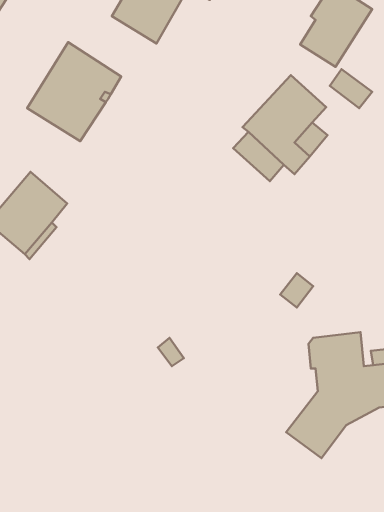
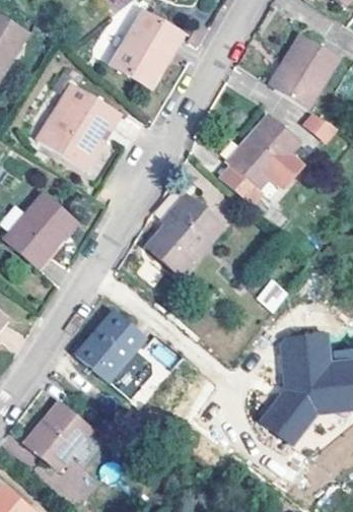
building: none -> [148,198,220,275]
building: none -> [75,312,151,399]
building: none -> [24,404,89,470]

